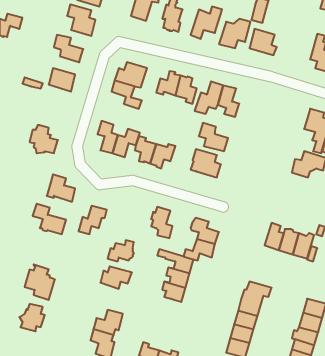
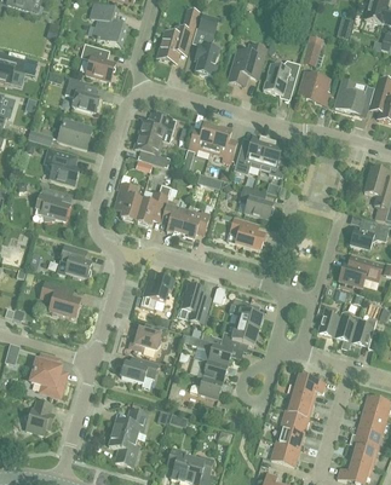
building: none -> [335,77,374,112]
building: none -> [46,150,80,184]
building: none -> [339,254,383,285]
building: [78,206,107,234] -> [140,275,174,308]

